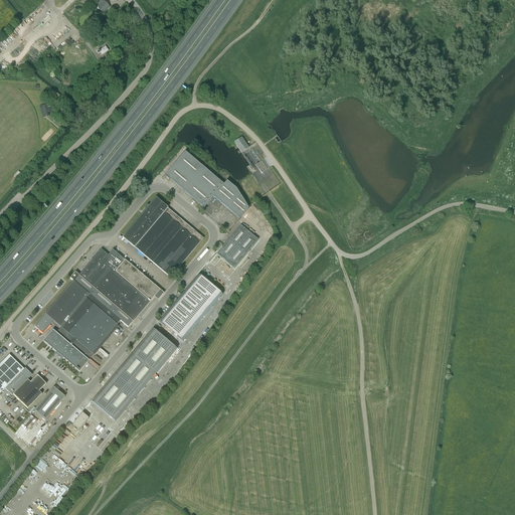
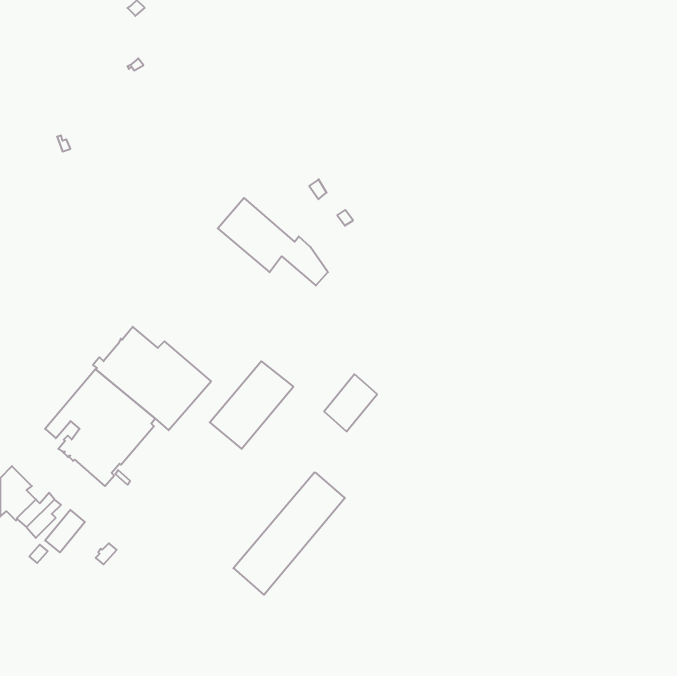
building: [124,196,204,276] -> none
building: [218,223,259,267] -> [324,374,377,431]
building: [93,328,177,420] -> [233,473,345,595]

